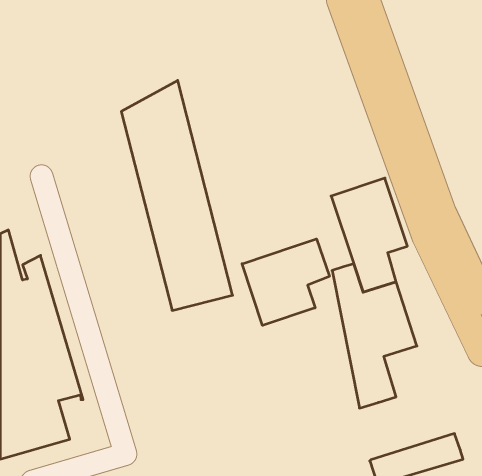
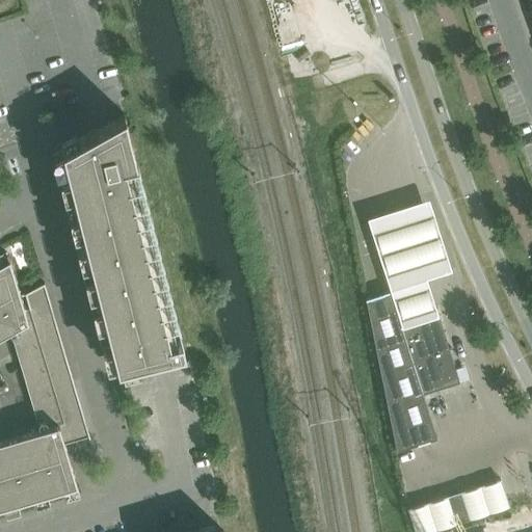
building: [121,80,233,310] -> [61,119,184,373]
building: [242,239,329,325] -> none

